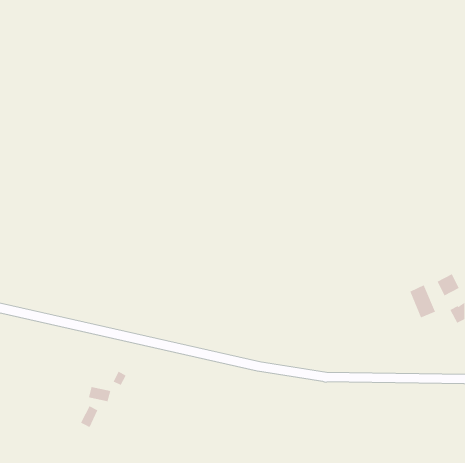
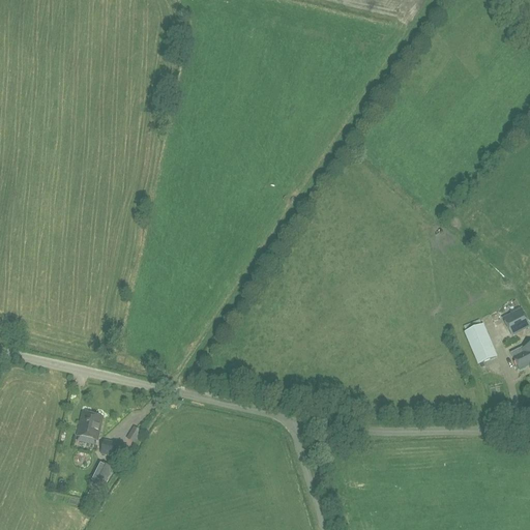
building: none -> [78,411,102,438]

